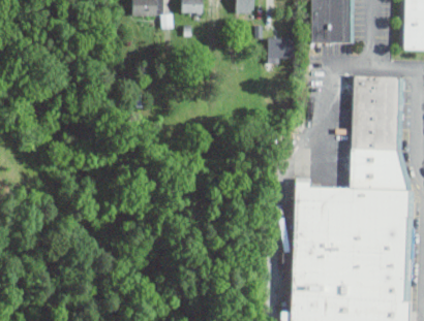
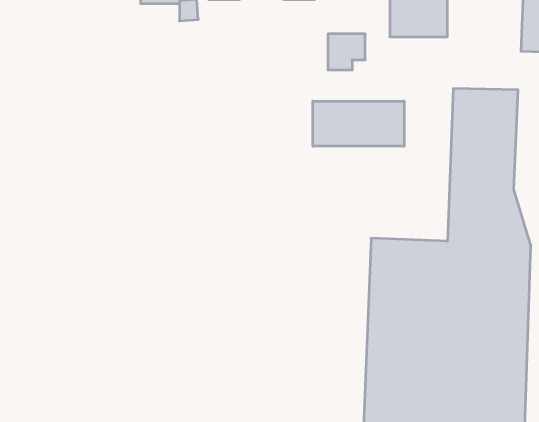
building: none -> [313,101,404,146]

